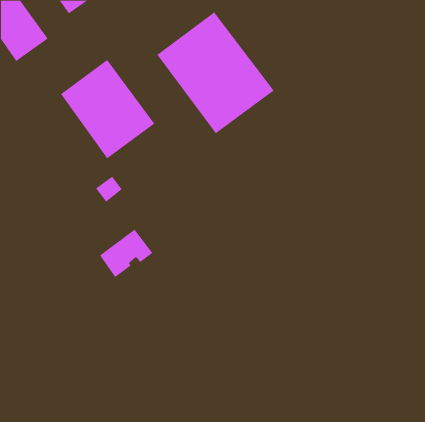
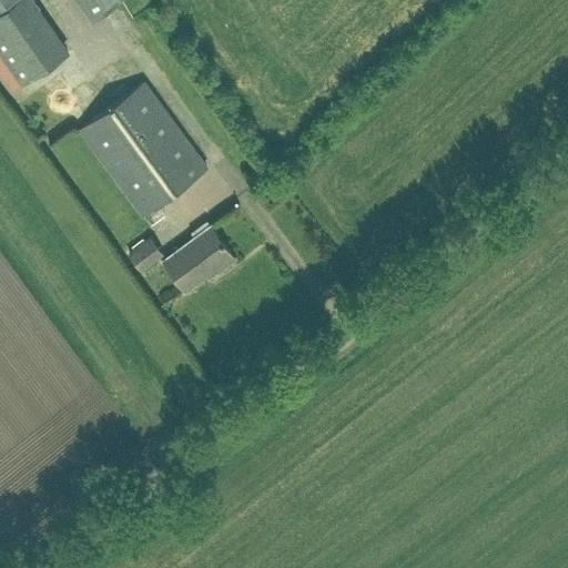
building: [157,12,274,134] -> none
building: [99,229,153,278] -> [163,227,235,293]

